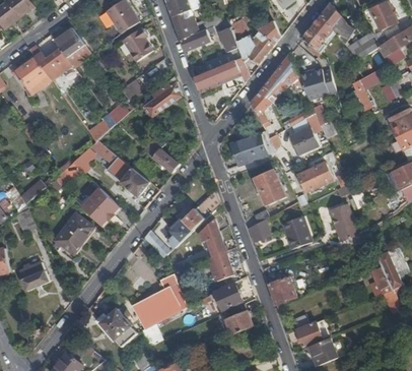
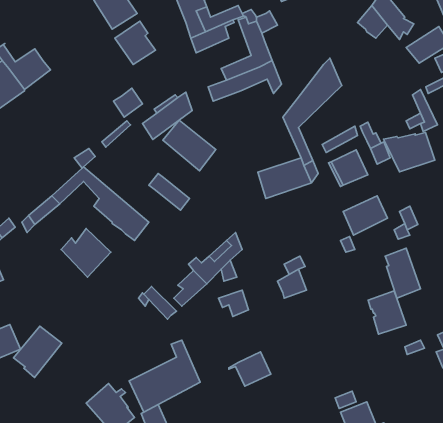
building: [236,20,279,65] -> none
building: [58,27,83,57] -> none
building: [299,27,325,56] -> none
building: [295,69,335,100] -> [384,133,435,172]
building: none -> [163,120,216,171]
building: [254,170,285,204] -> none
building: [55,213,92,253] -> [13,326,62,377]
building: [281,215,311,249] -> [368,291,406,334]
building: [210,250,232,281] -> none
building: [267,275,296,304] -> none
building: [223,303,252,333] -> none

